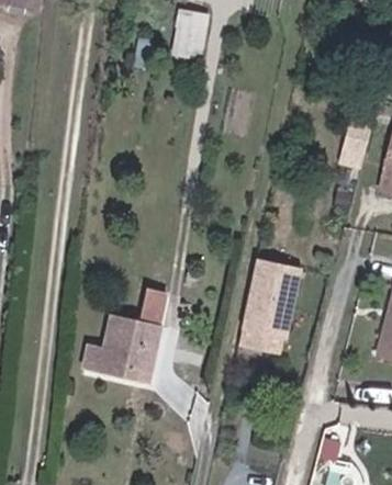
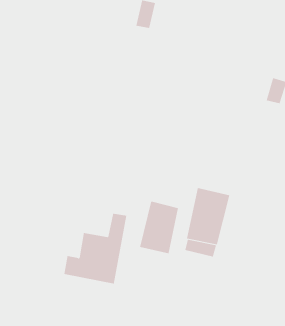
building: none -> [140,201,179,254]

